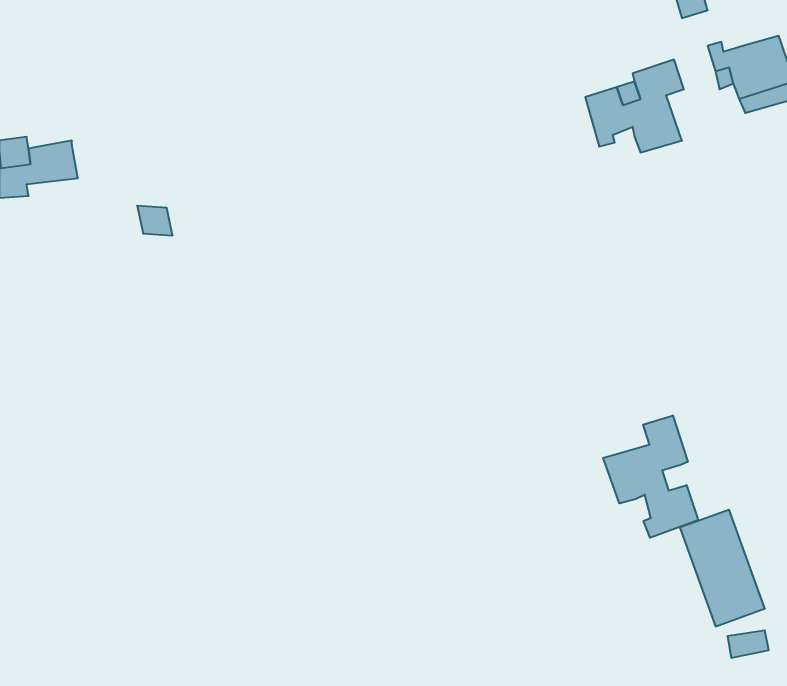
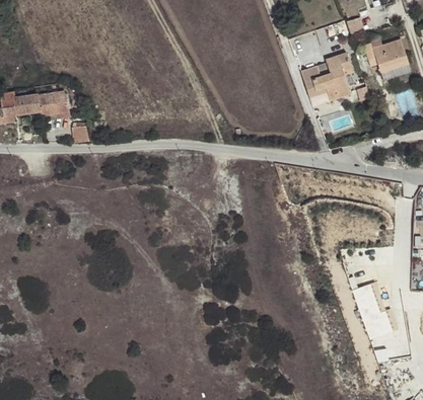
building: none -> [38,91,70,121]
building: [603,415,698,538] -> none

